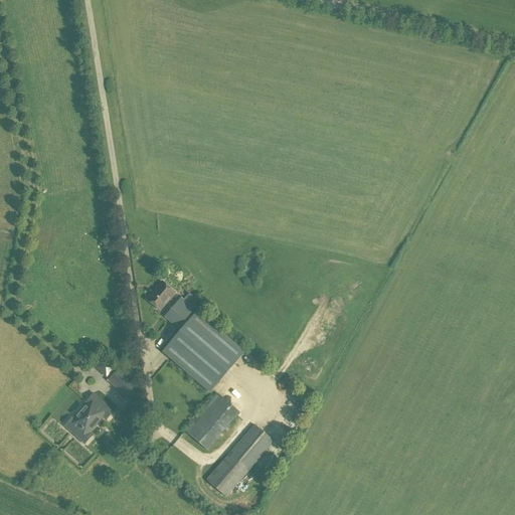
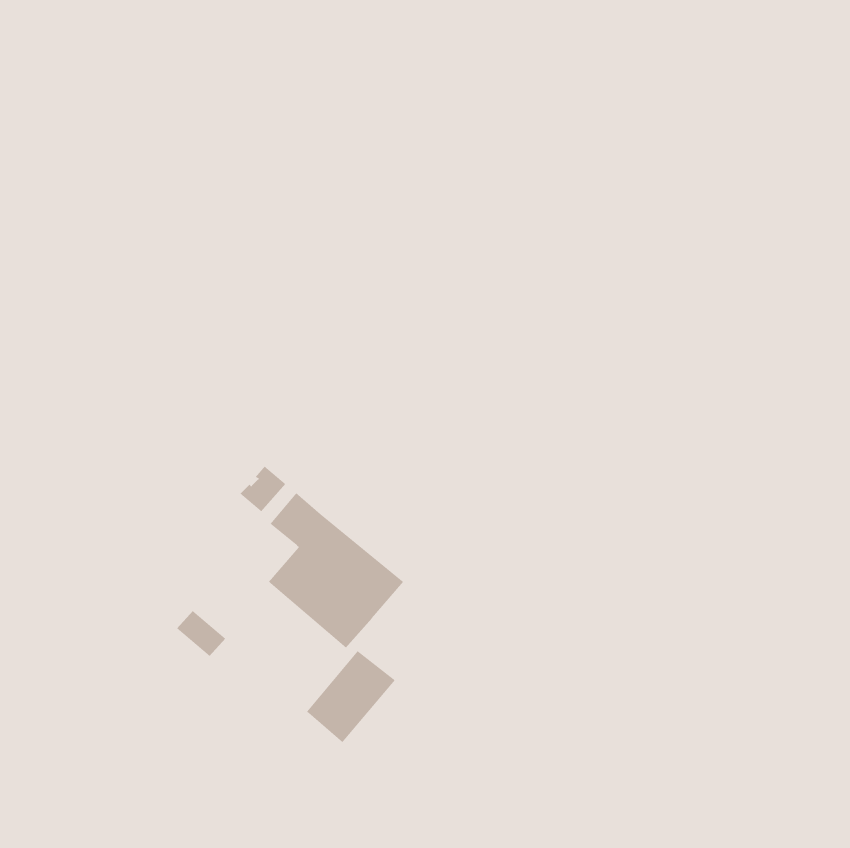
building: [63,393,112,444] -> none
building: [206,423,274,497] -> none

